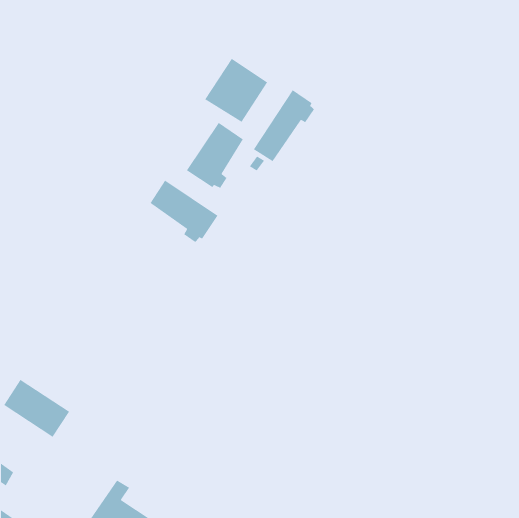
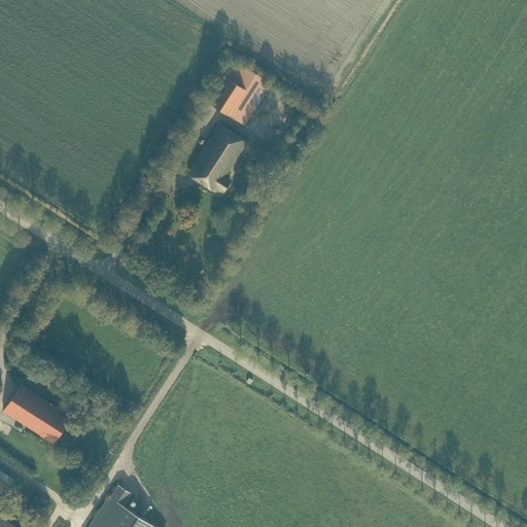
building: [253,89,315,162] -> none
building: [149,180,219,243] -> none

